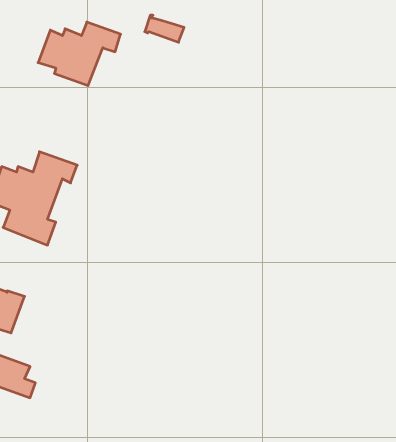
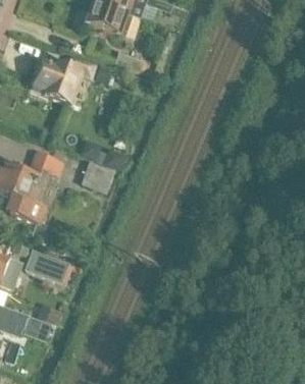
building: none -> [80,160,113,193]
building: none -> [22,246,69,283]

